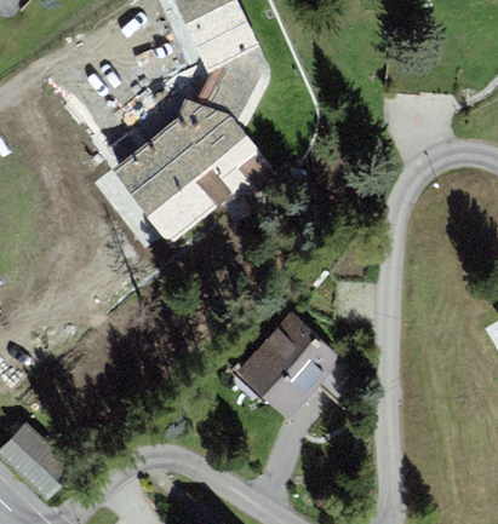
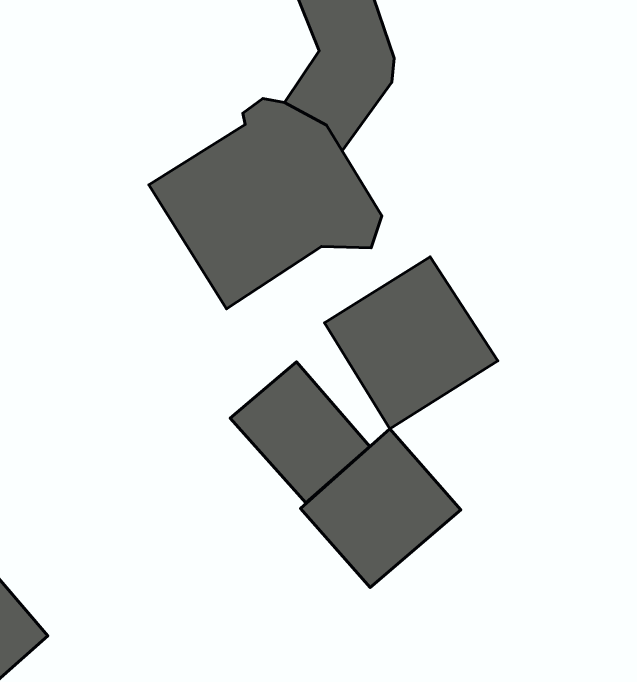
building: none -> [325,257,498,429]
building: none -> [230,362,370,503]

